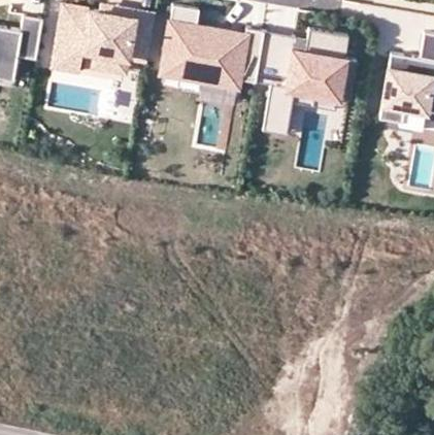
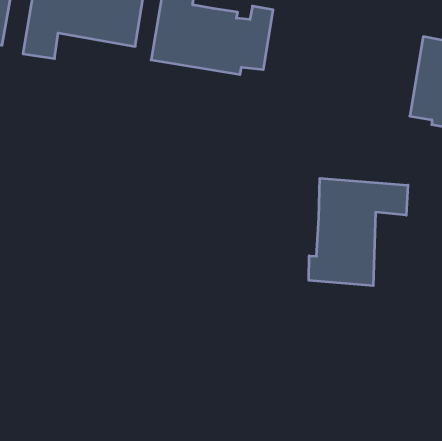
building: [255,29,355,136] -> none
building: none -> [309,178,408,286]

